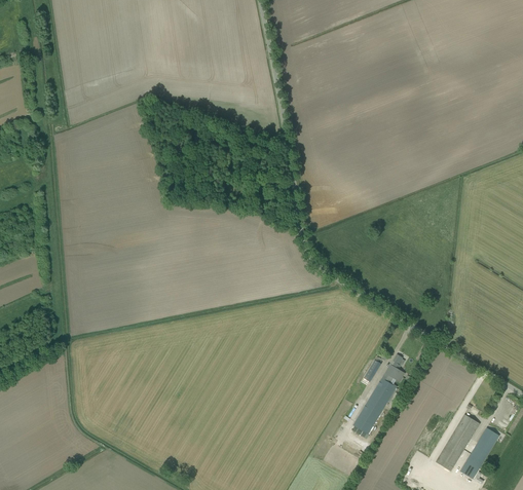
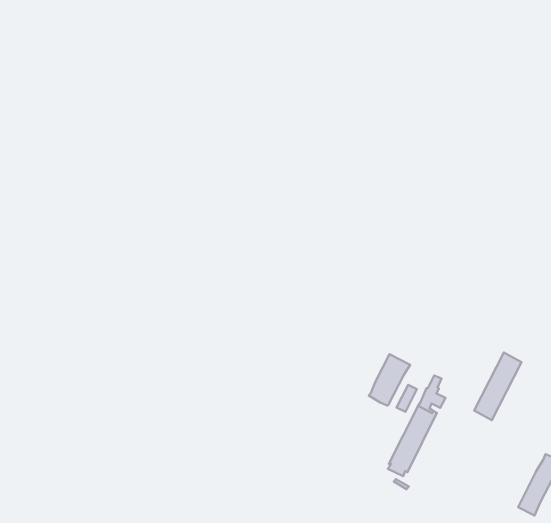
building: none -> [369,354,410,405]
building: [436,414,479,470] -> [474,353,521,420]

